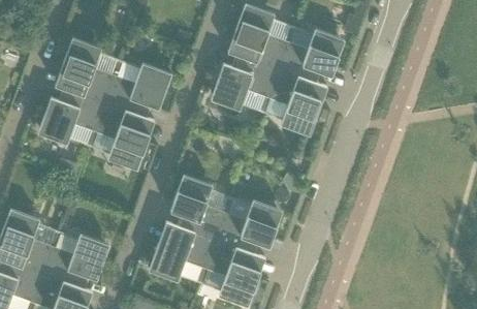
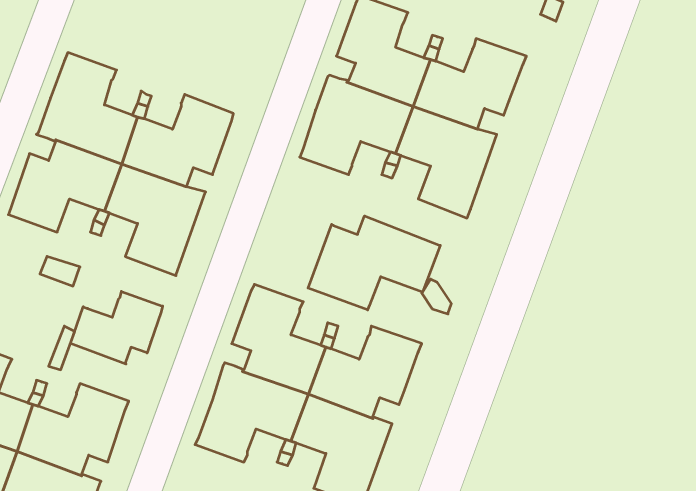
building: none -> [308,216,440,310]
building: none -> [71,291,163,364]

